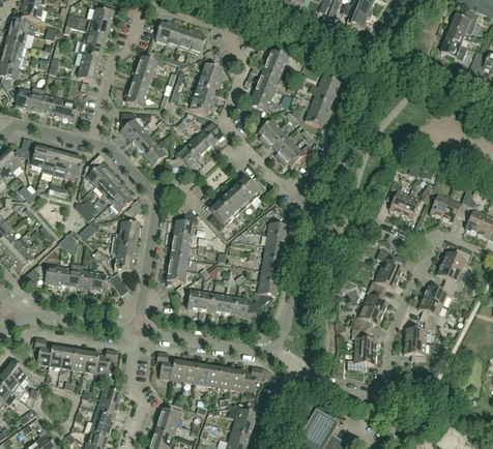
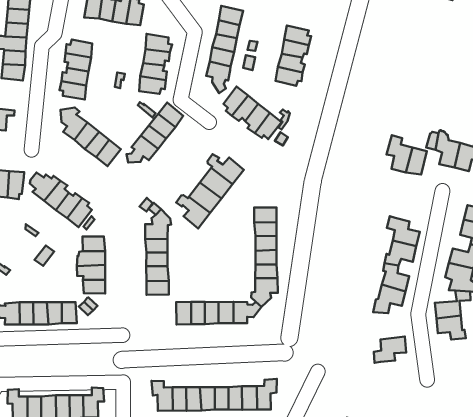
building: [352,326,377,351] -> none

